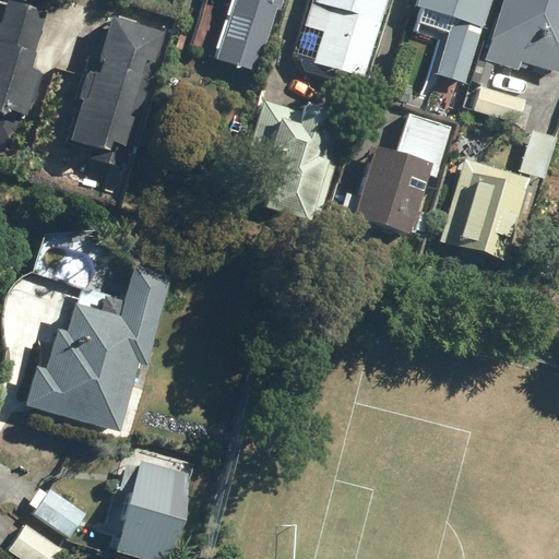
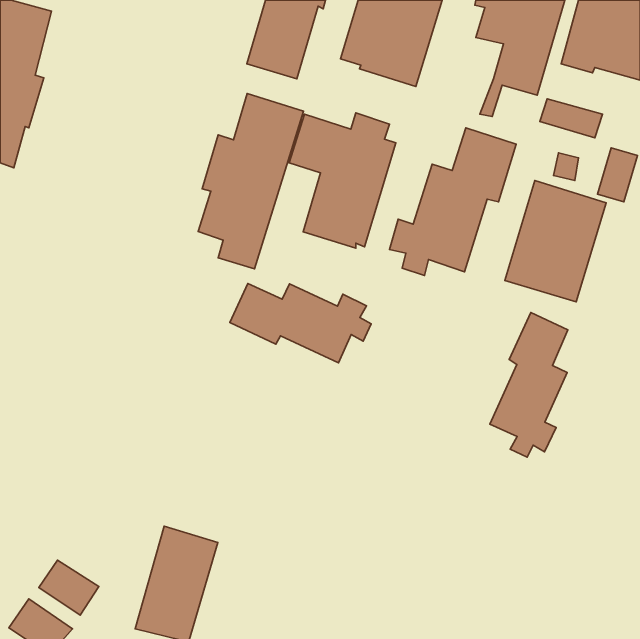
building: [72,16,164,169] -> [198,94,303,269]
building: none -> [230,284,371,363]
building: [27,261,170,430] -> none
building: none -> [490,312,568,457]

